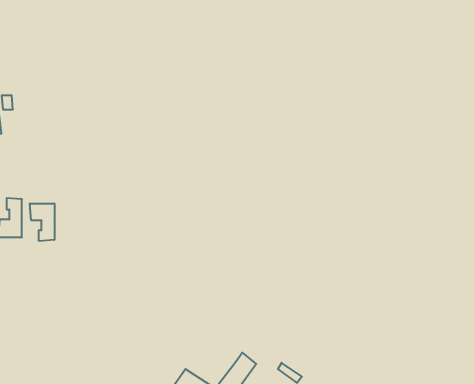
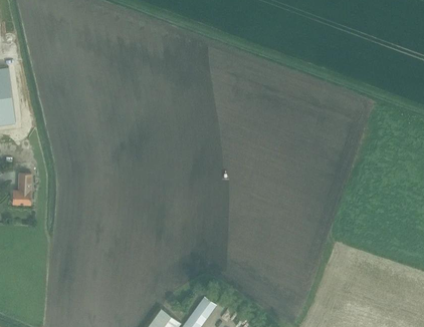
building: [30,203,54,241] -> none

